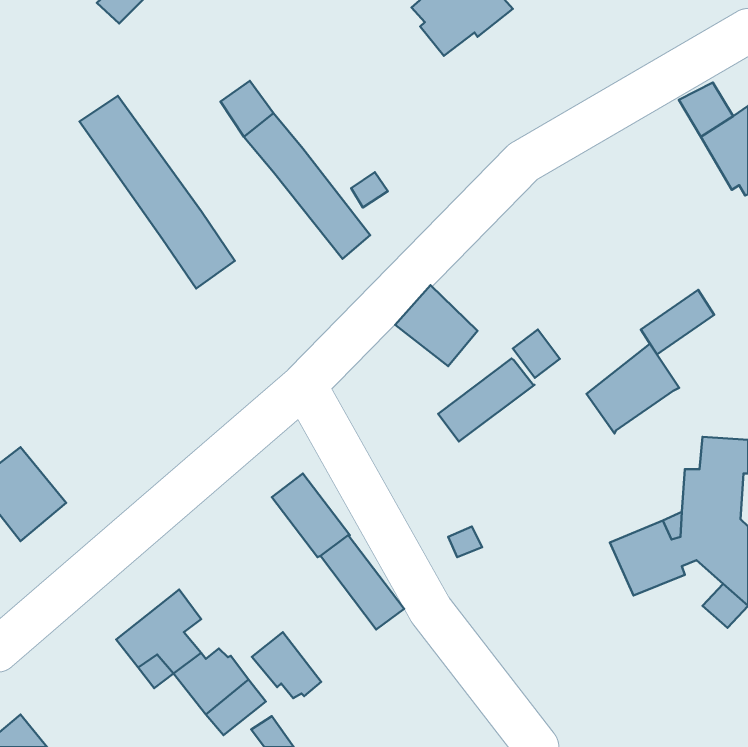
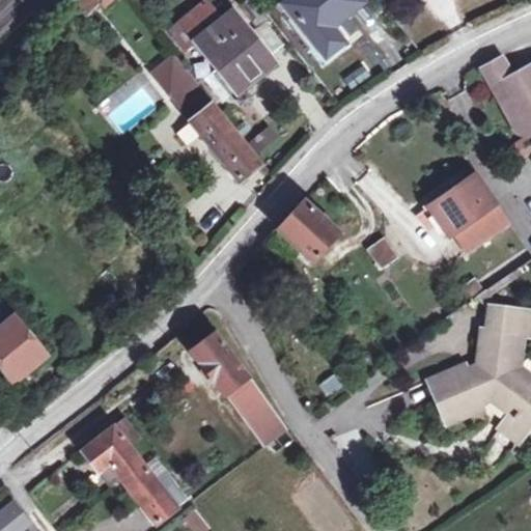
building: none -> [184,5,275,93]
building: none -> [278,5,342,55]
building: [79,96,235,288] -> none
building: [587,344,679,433] -> [431,171,497,234]
building: [438,358,535,442] -> none
building: [252,632,321,698] -> none

